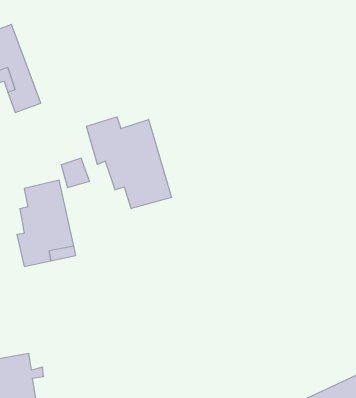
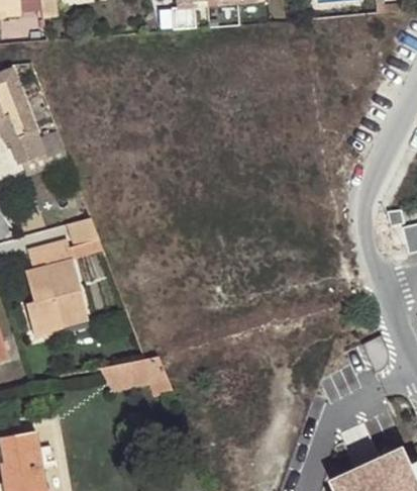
building: [87,117,172,209] -> none
building: none -> [99,357,172,397]

